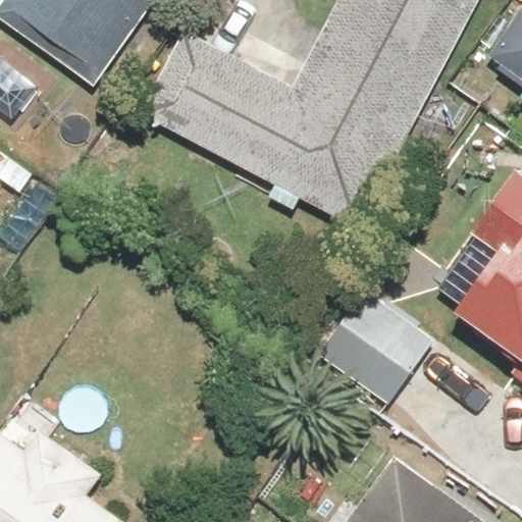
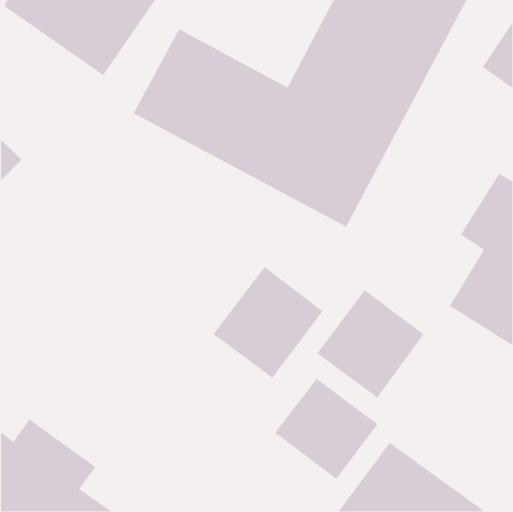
building: none -> [213,266,323,379]
building: none -> [274,378,378,480]

